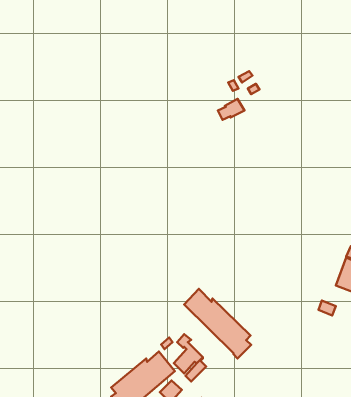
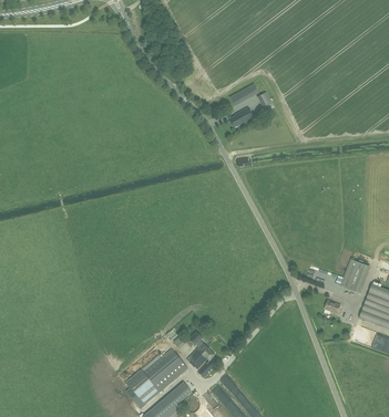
building: [184,289,251,359] -> none

